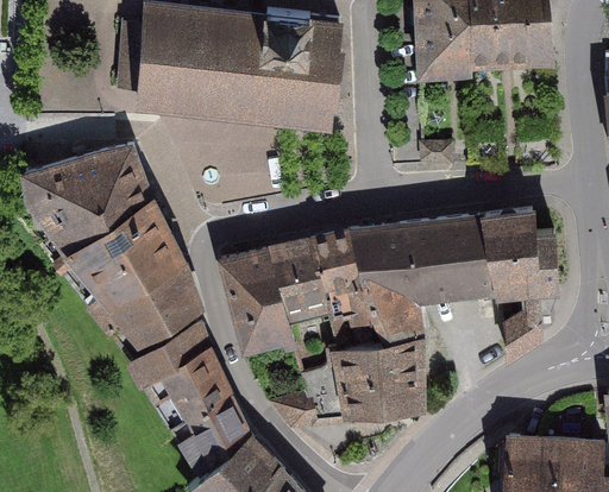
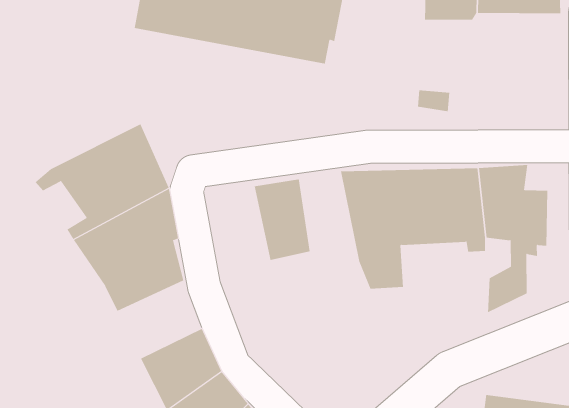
building: [23,144,151,250] -> none
building: [310,229,375,323] -> none
building: [220,251,291,348] -> none
building: [266,338,425,424] -> none
building: [143,348,227,428] -> none

